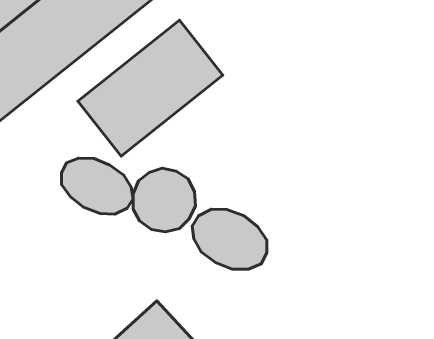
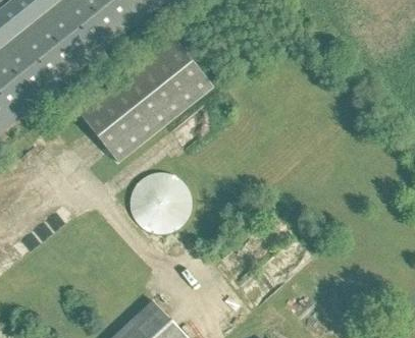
building: [61,158,133,214] -> none
building: [192,209,267,269] -> none

